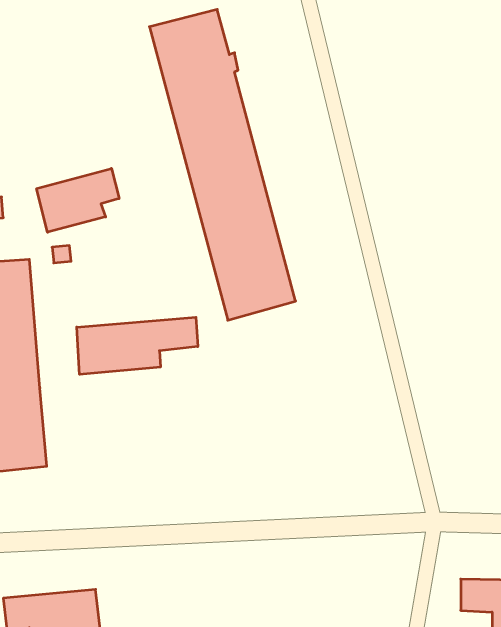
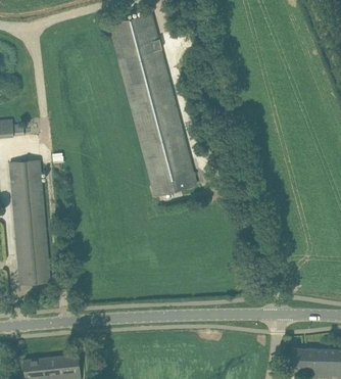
building: [37,168,119,232] -> none
building: [77,317,198,374] -> none

